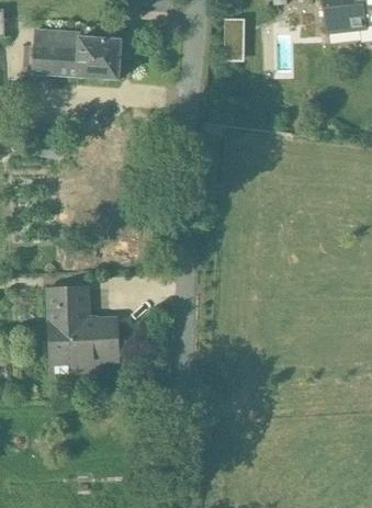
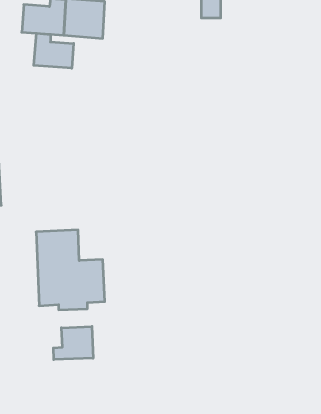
building: none -> [34,33,74,68]
building: none -> [53,326,93,360]

